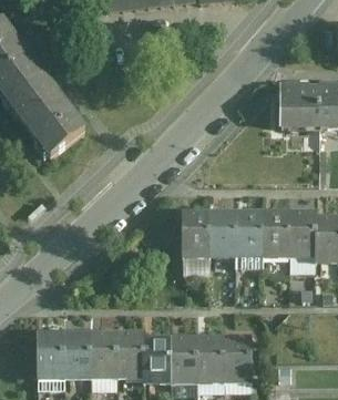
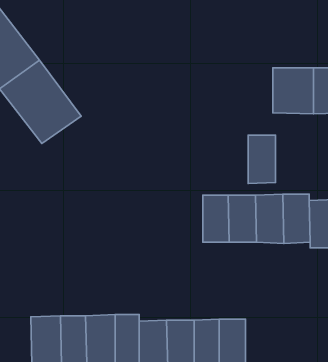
building: [181,208,208,257] -> [248,135,276,184]

